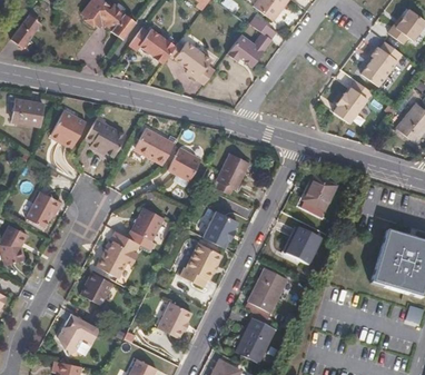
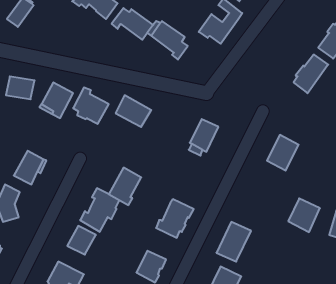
building: [167,146,200,184] -> none
building: [201,208,236,246] -> none
building: [287,226,323,264] -> [288,198,320,232]

